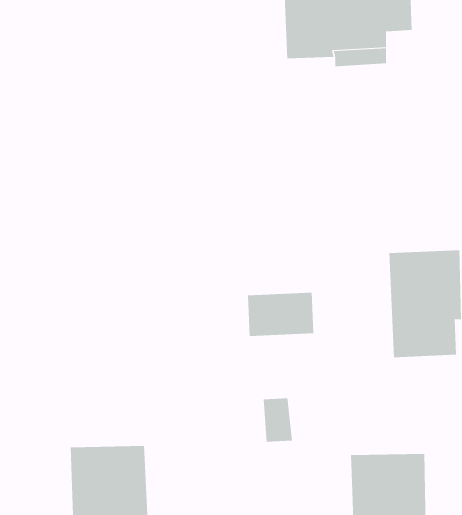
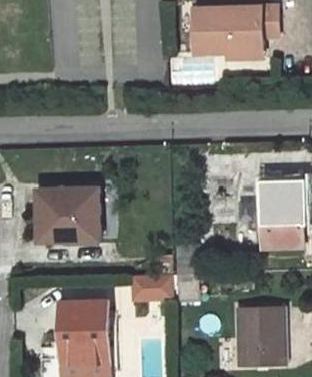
building: none -> [36,187,97,238]
building: [247,292,314,337] -> [131,274,174,302]

